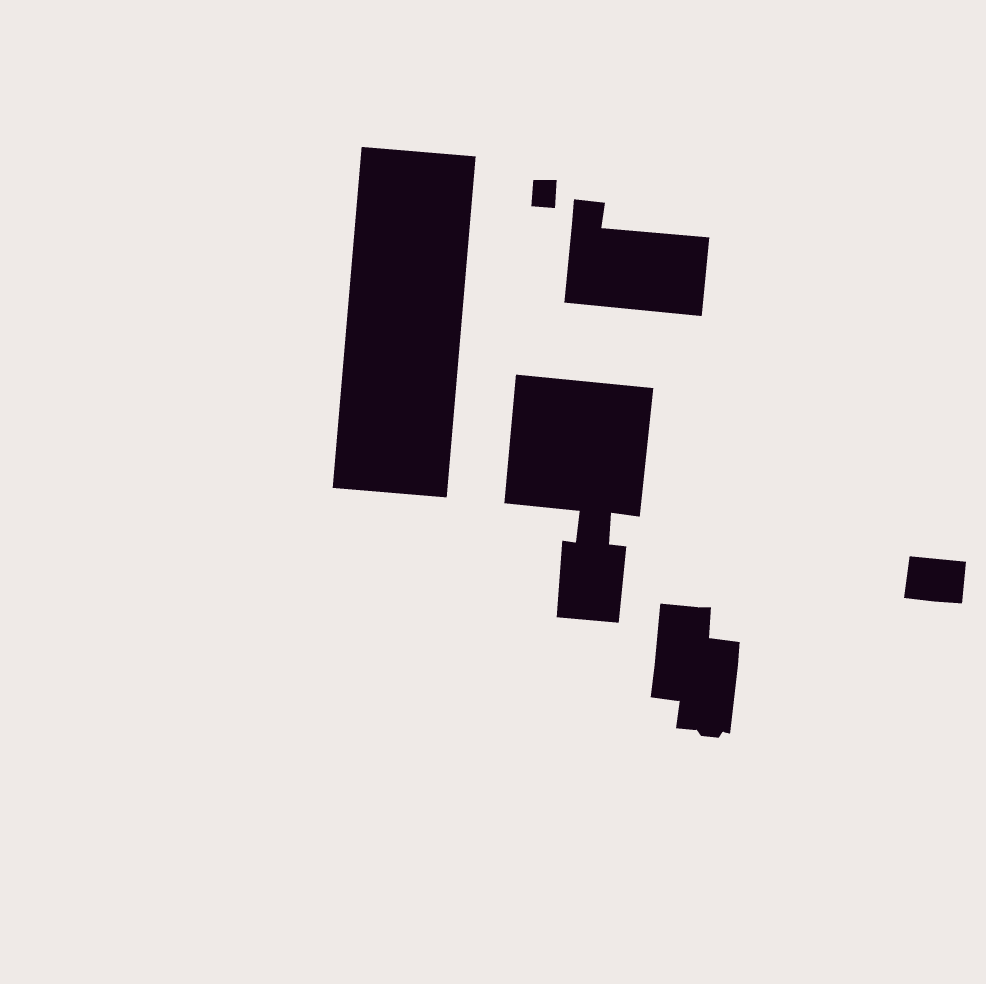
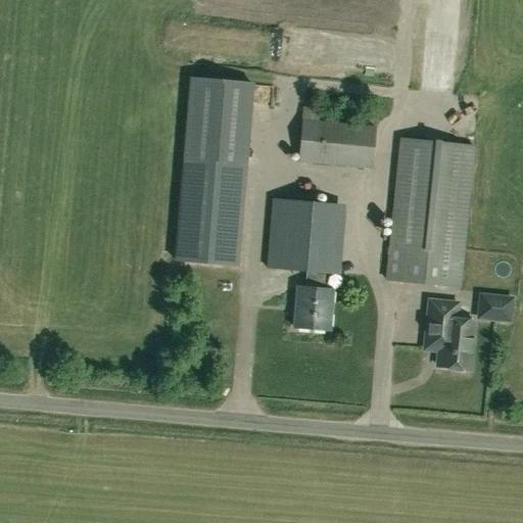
building: none -> [387,137,473,285]
building: [650,603,741,738] -> [426,300,474,372]

